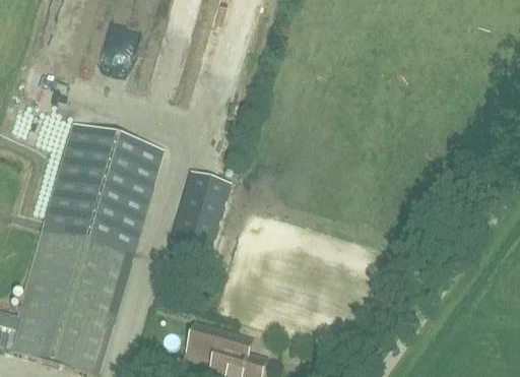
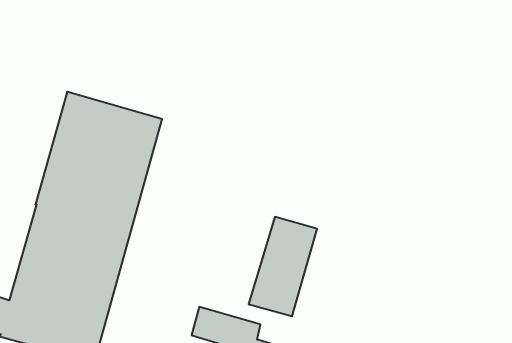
building: [167,170,231,262] -> [249,217,317,316]

